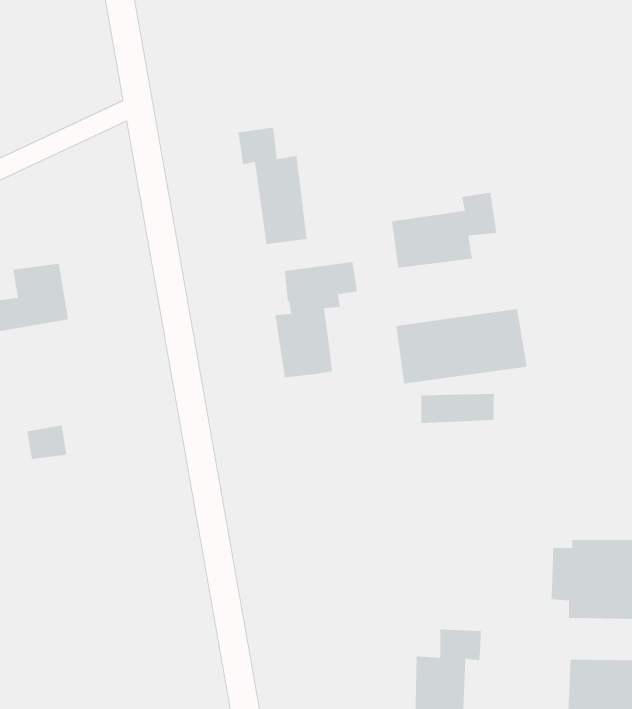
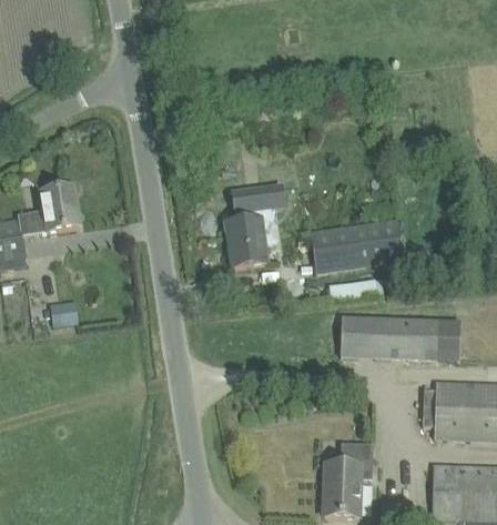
building: [238,127,307,245] -> none
building: [391,192,497,268] -> none
building: none -> [341,319,460,361]

